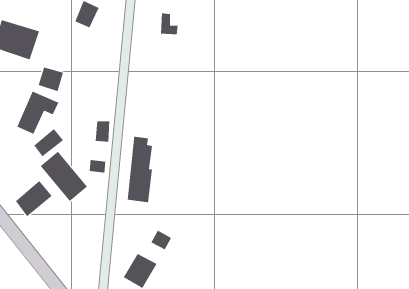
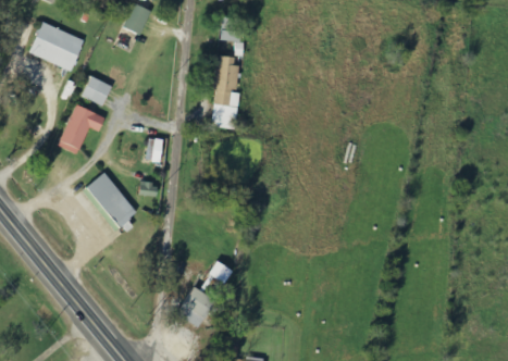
building: [33,128,64,157] -> none
building: [127,136,153,203] -> [210,54,239,129]
building: [15,180,52,217] -> none

